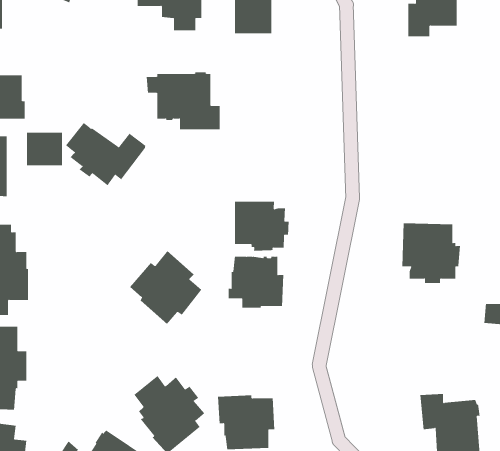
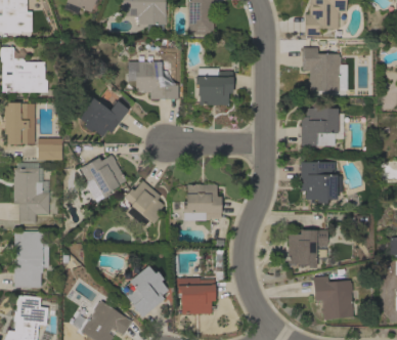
building: none -> [303,48,347,91]
building: none -> [195,69,233,105]
building: [26,132,63,166] -> [38,138,62,161]
building: none -> [302,104,343,146]
building: [235,201,289,252] -> none
building: none -> [82,155,127,202]
building: none -> [289,230,328,268]

